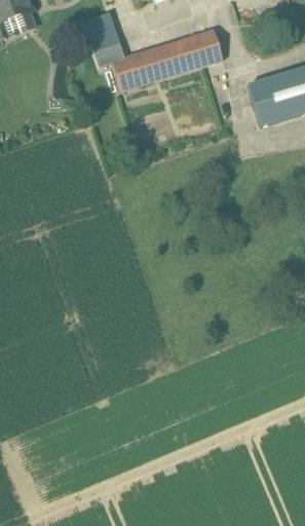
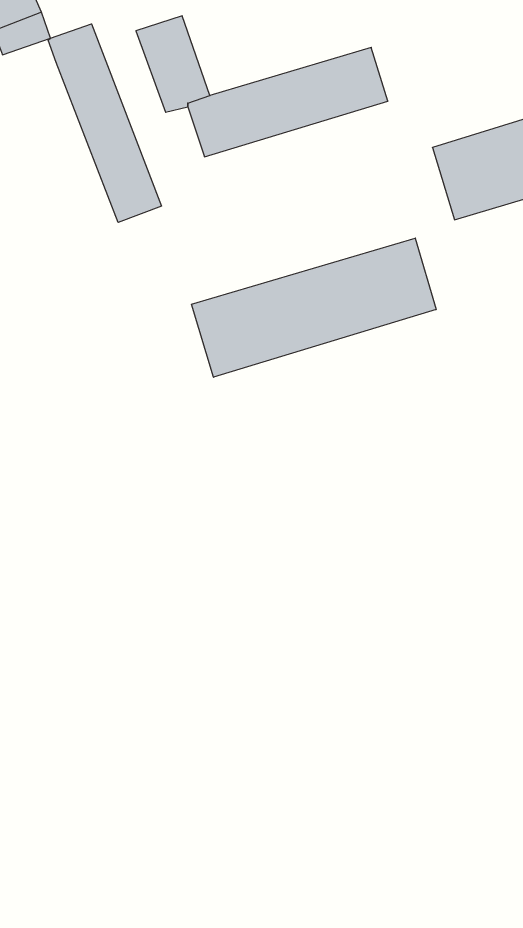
building: none -> [48,24,162,222]
building: none -> [191,238,436,377]

